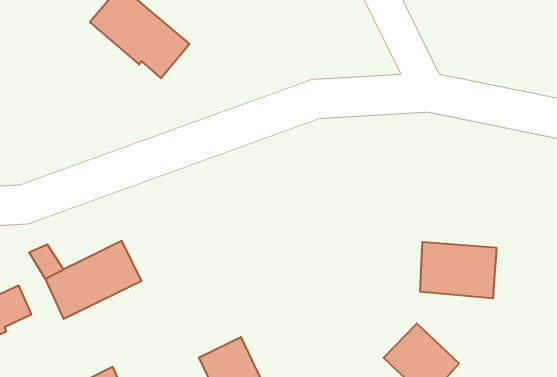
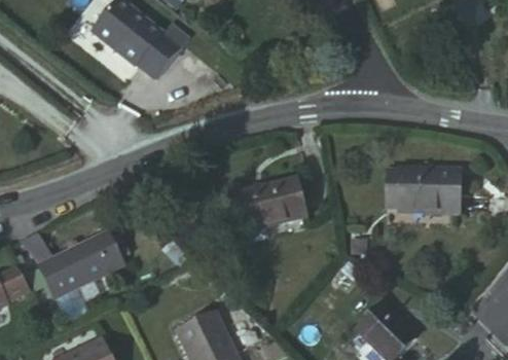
building: none -> [238,173,298,224]
building: [420,242,497,298] -> [390,166,459,216]

